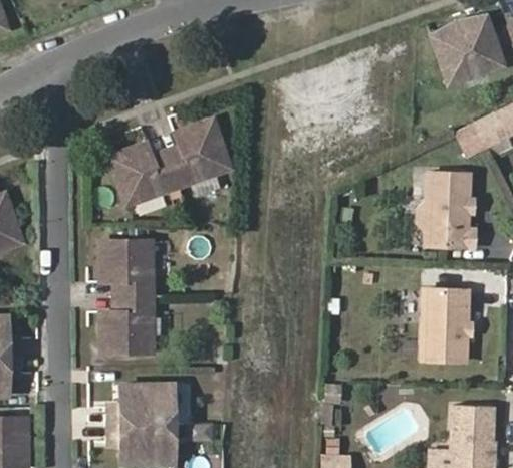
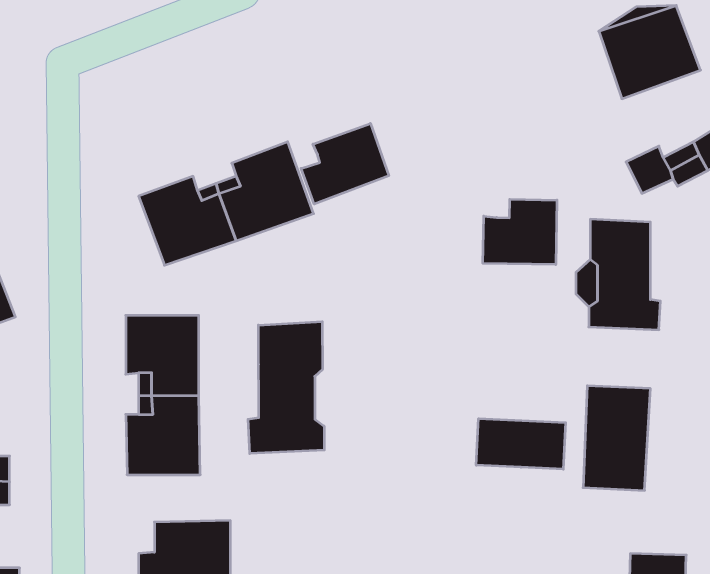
building: none -> [301,123,389,204]
building: none -> [483,199,557,265]
building: none -> [248,322,324,454]
building: none -> [476,419,566,469]

